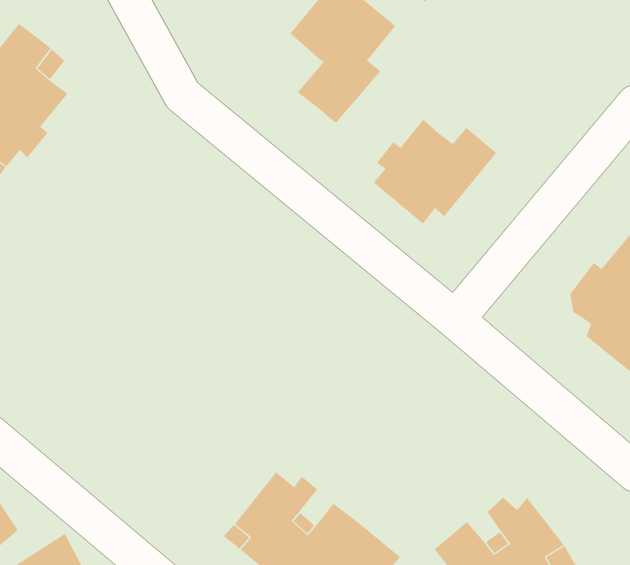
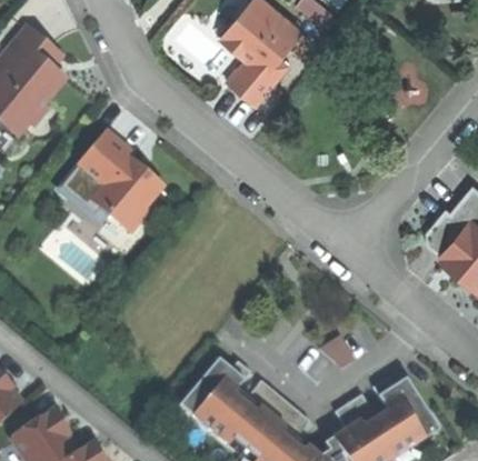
building: [373,119,497,225] -> none
building: none -> [77,131,158,231]

